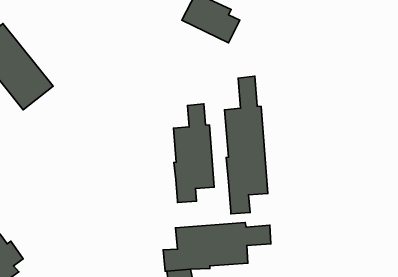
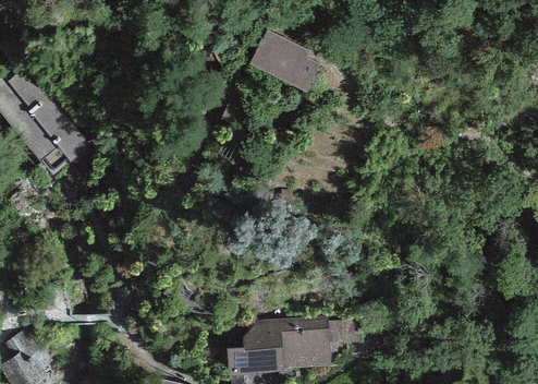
building: [225,76,268,214] -> none
building: [173,104,214,202] -> none

